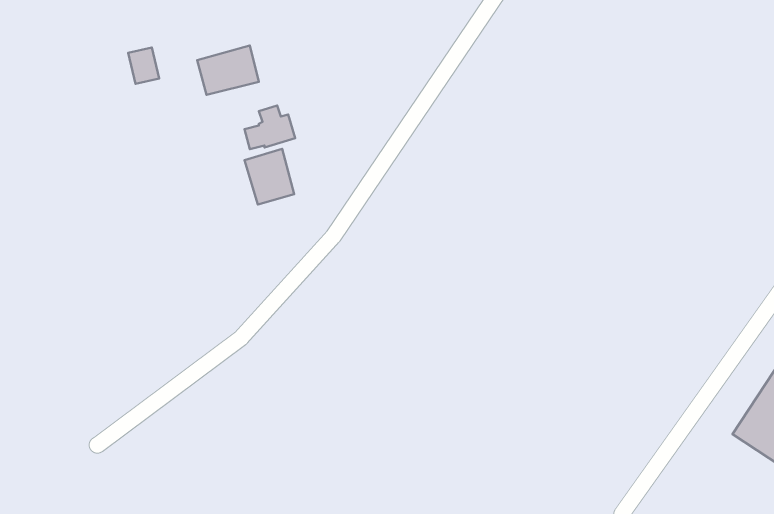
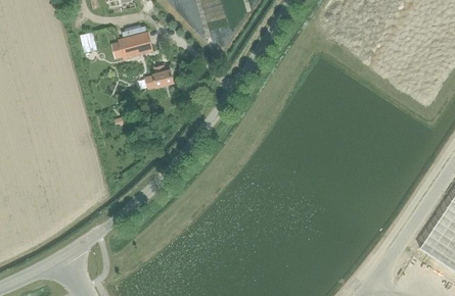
building: [244,149,294,205] -> none

